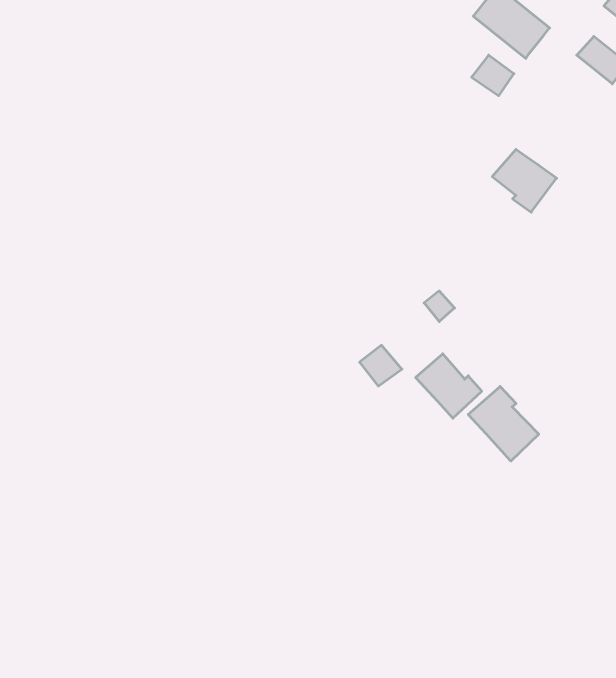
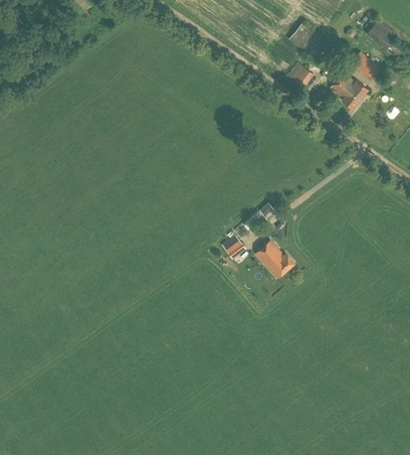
building: [492,149,557,212] -> [329,72,367,110]
building: [468,386,539,461] -> none

